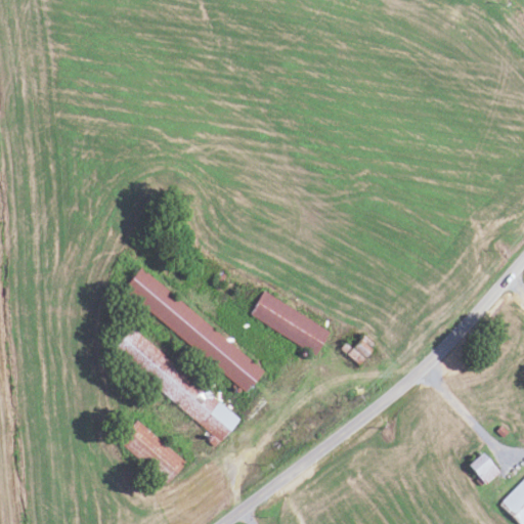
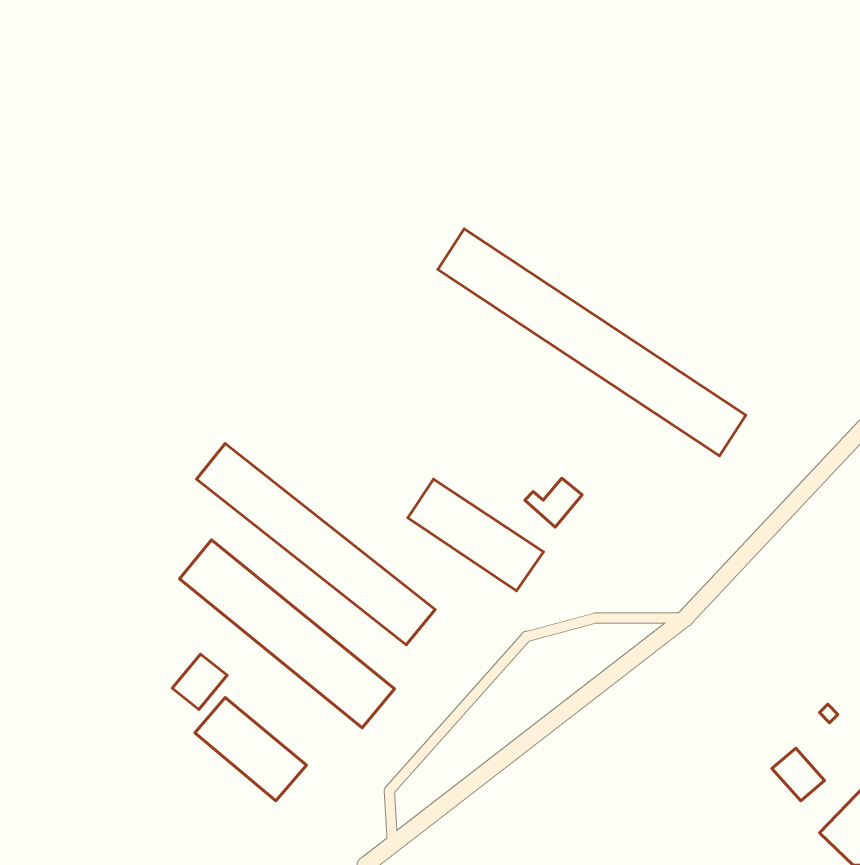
building: none -> [438,229,746,456]
building: [342,335,377,364] -> [525,478,582,527]
building: none -> [172,654,227,710]

